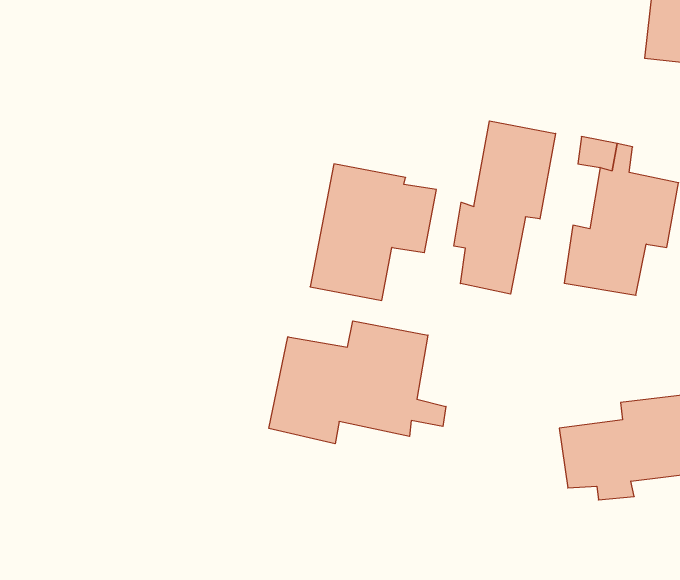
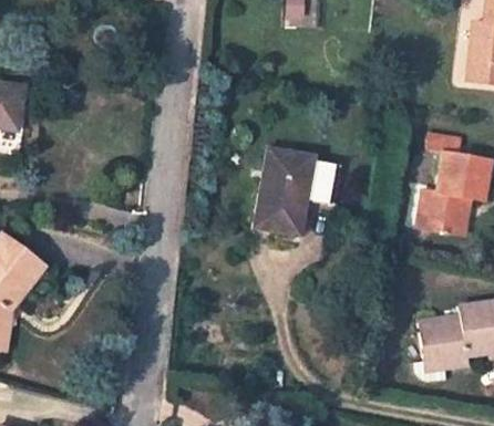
building: [454,121,556,294] -> none
building: [269,321,446,444] -> none

